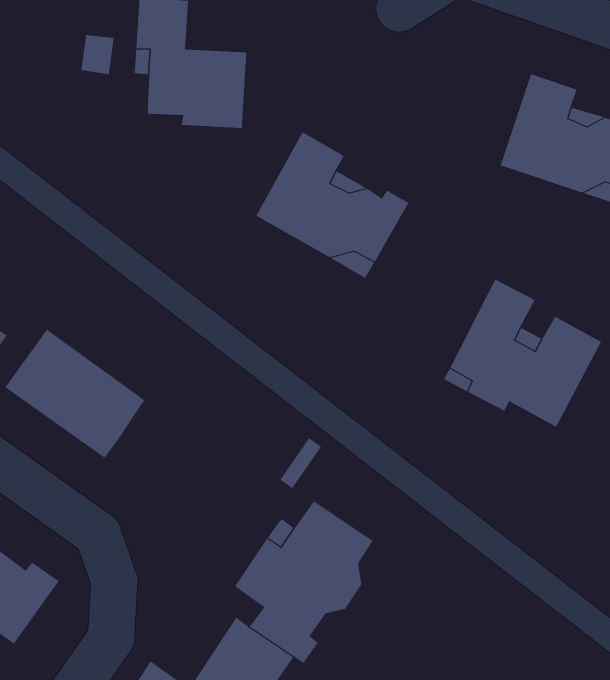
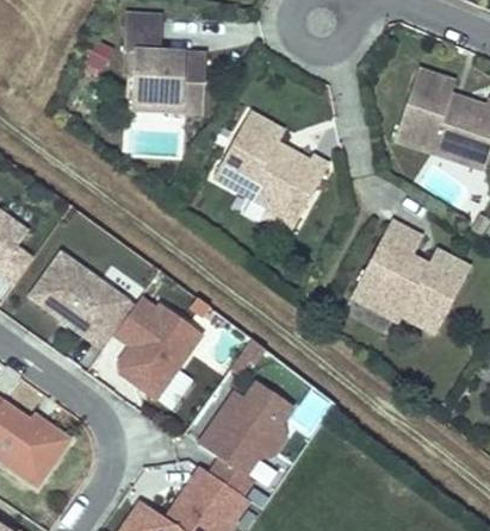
building: none -> [114,298,203,398]

